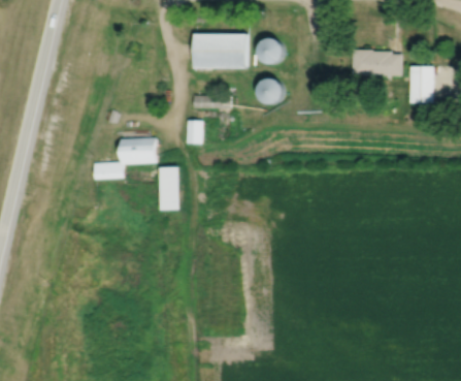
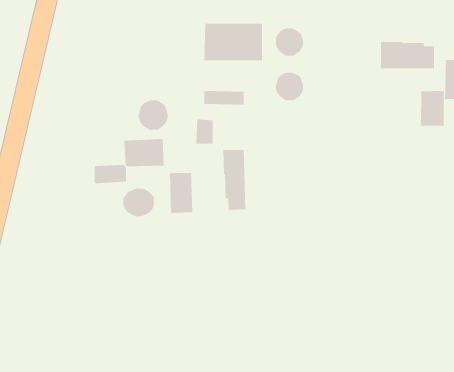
building: none -> [421,90,444,127]
building: none -> [138,99,168,131]
building: none -> [223,149,246,210]
building: none -> [123,188,154,217]

